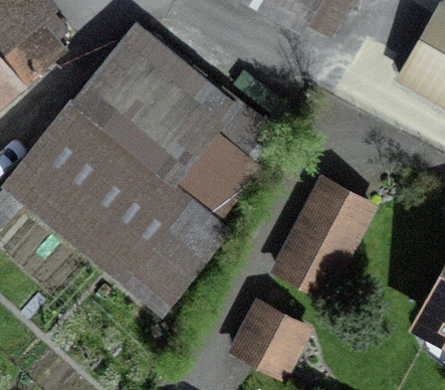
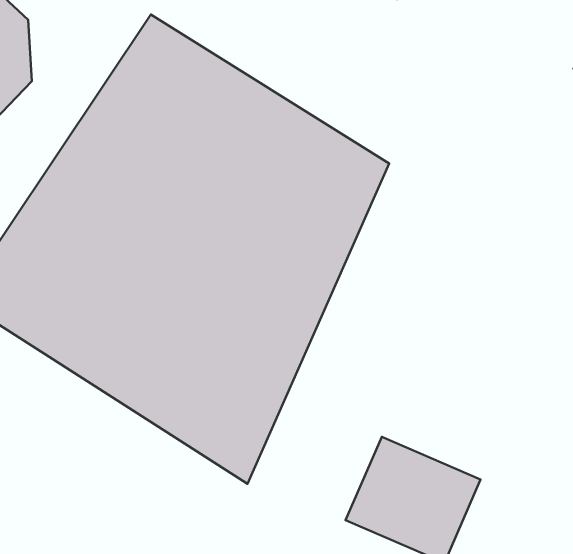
building: [271,175,378,299] -> none

